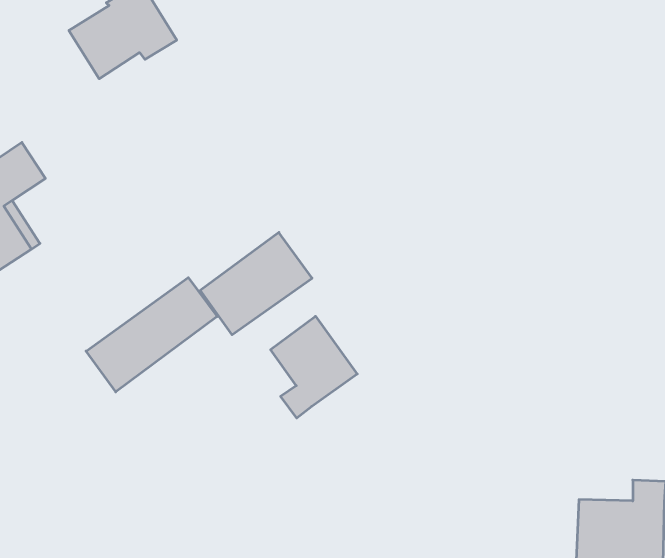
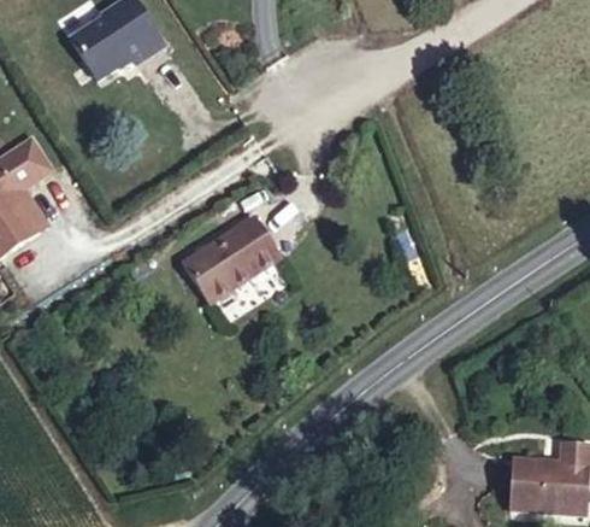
building: [86,278,217,392] -> none
building: [271,316,357,418] -> none

